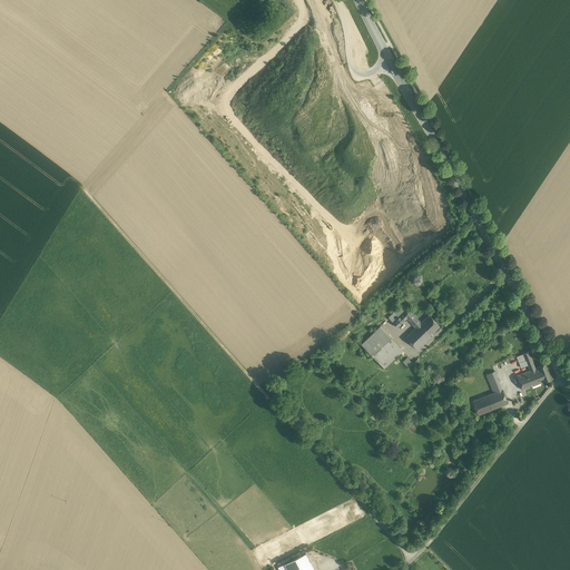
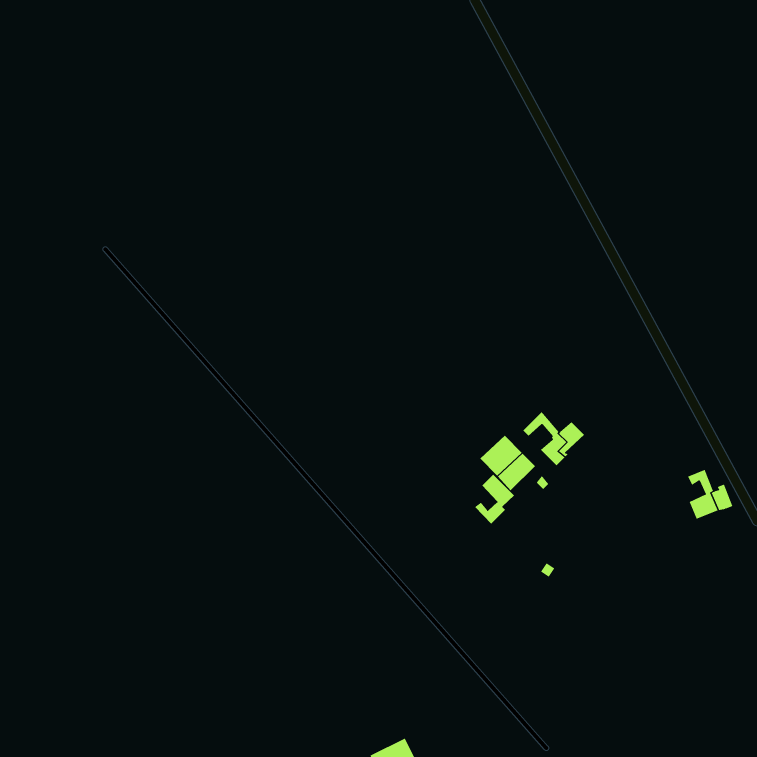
building: none -> [474,474,515,524]
building: [471,372,507,415] -> none

